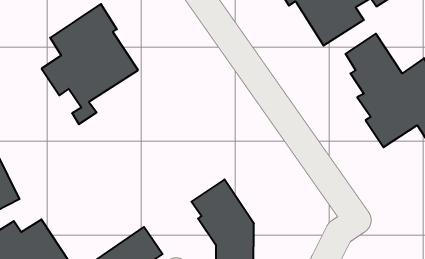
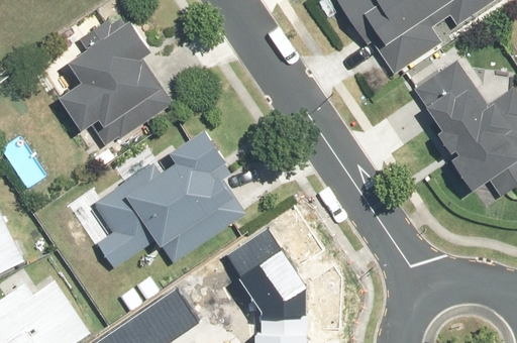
building: none -> [94,133,245,267]

